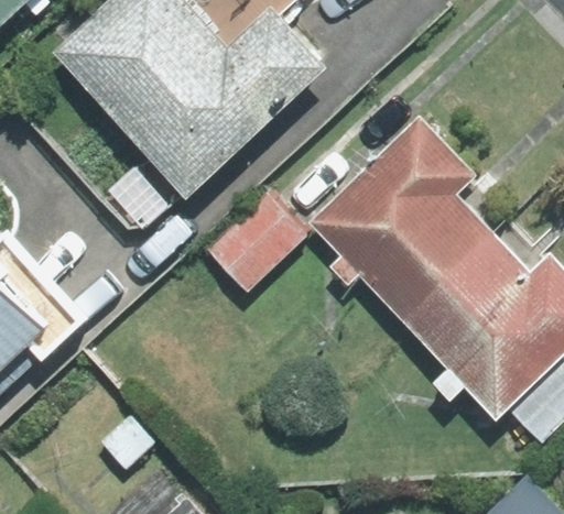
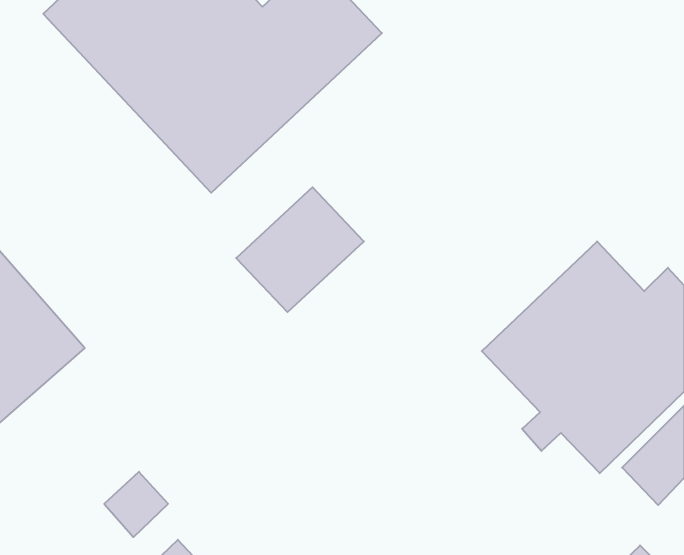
building: [312,121,494,321] -> none

